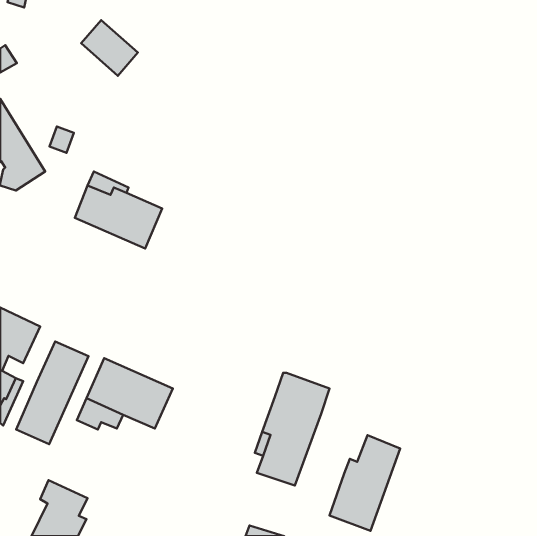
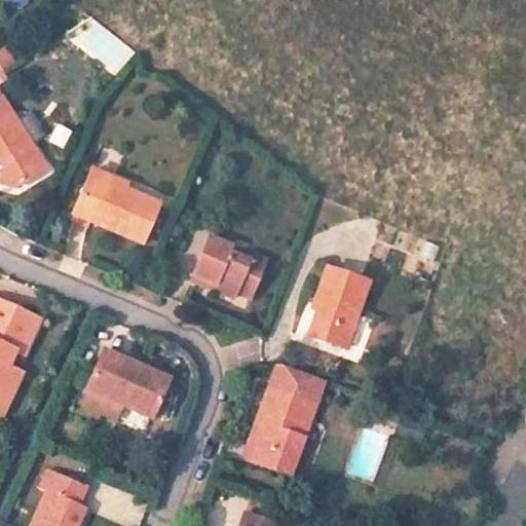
building: none -> [193,236,266,297]
building: none -> [308,266,368,347]
building: [16,341,88,444] -> none
building: [330,435,400,531] -> none

